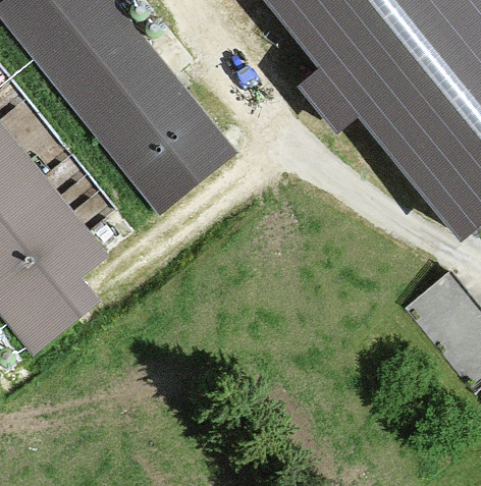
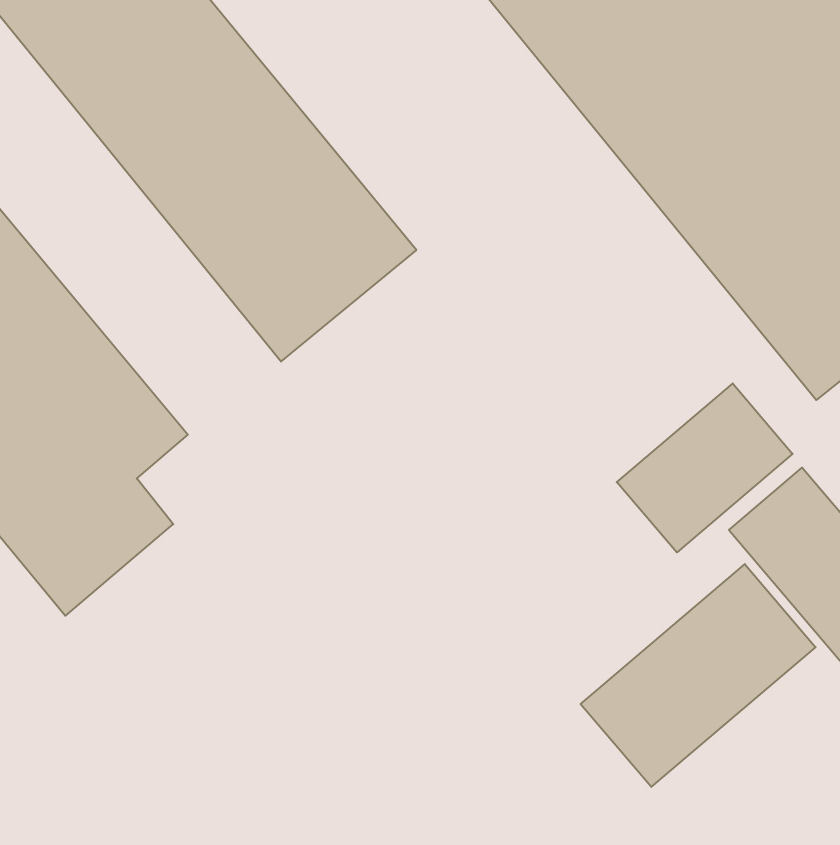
building: none -> [617,383,793,552]
building: none -> [581,564,816,787]

